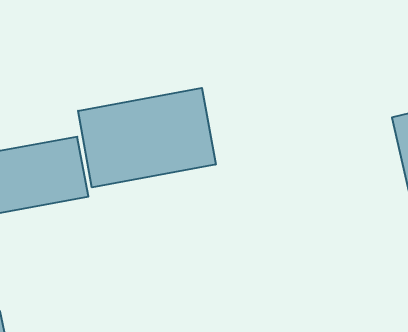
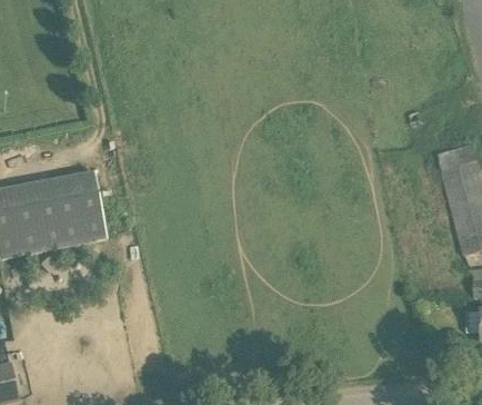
building: [78,88,216,187] -> none

